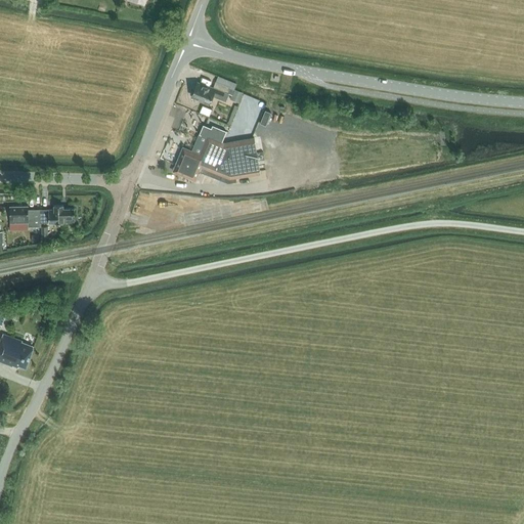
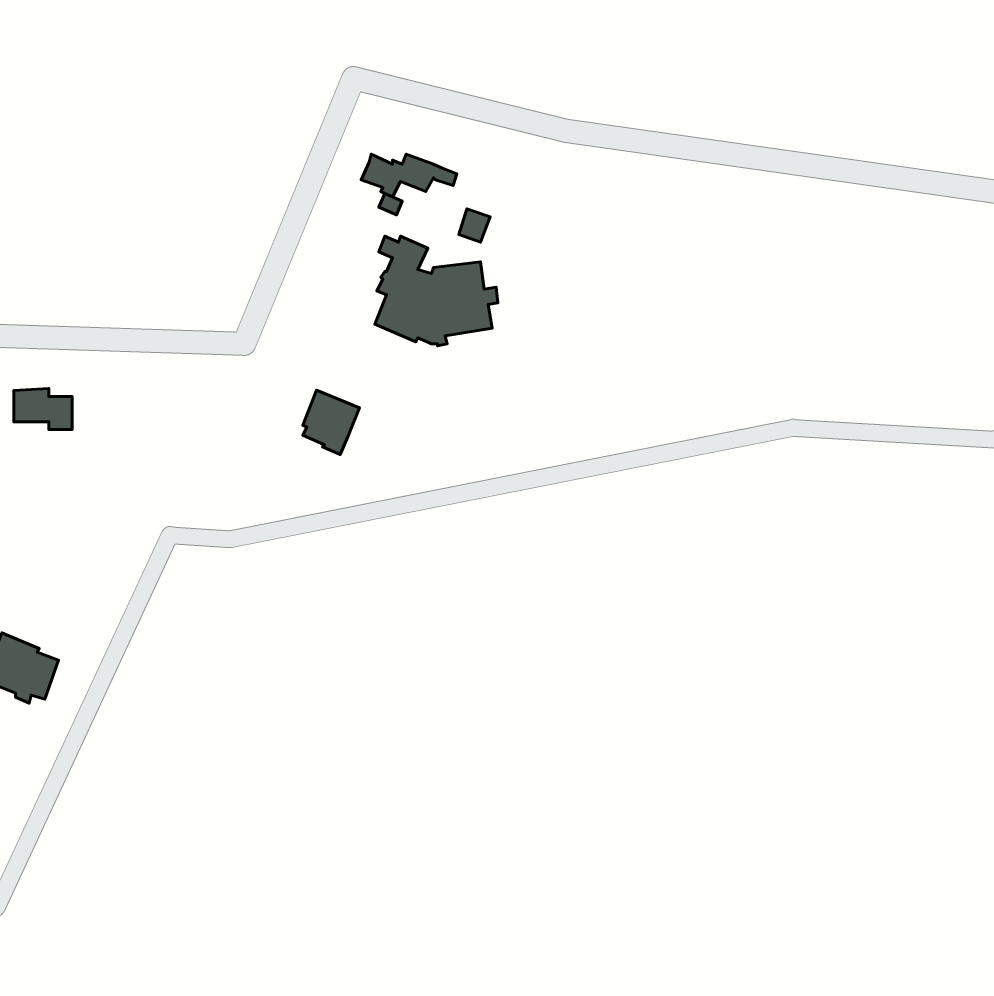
building: [173,145,203,179] -> [303,390,360,455]
building: [38,204,72,221] -> none

